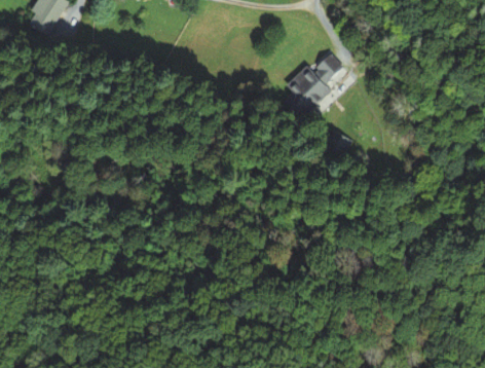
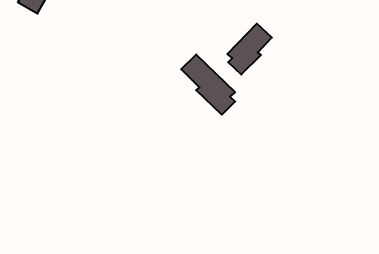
building: none -> [181,54,235,115]

